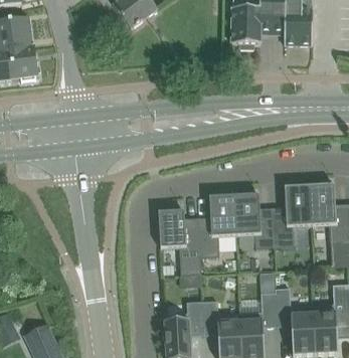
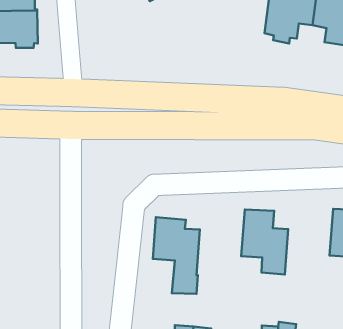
building: [273,185,311,246] -> none
building: [197,195,235,256] -> none

